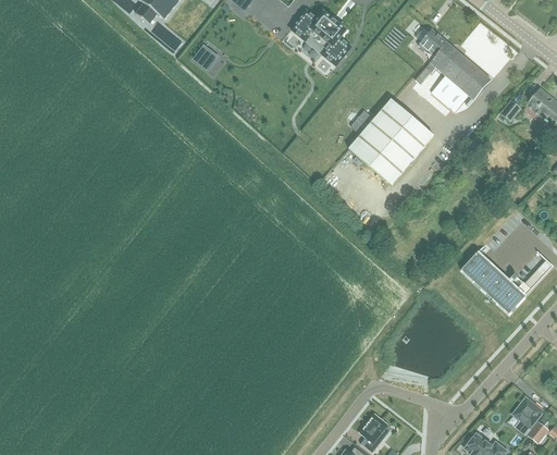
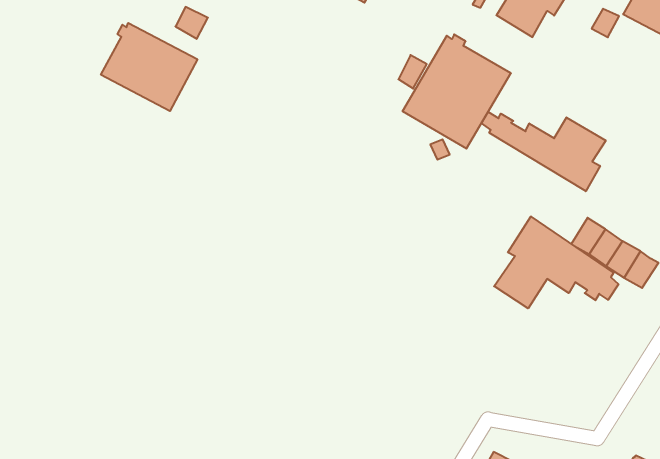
building: none -> [101,23,197,111]
building: none -> [482,112,606,191]
building: none -> [494,216,618,308]

